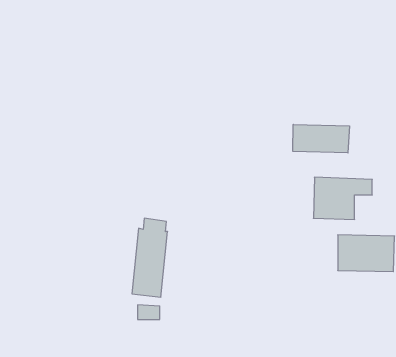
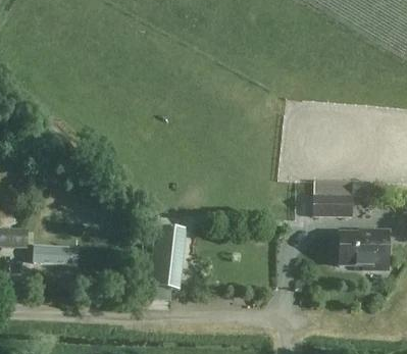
building: [293,124,349,153] -> none
building: none -> [34,245,80,264]

